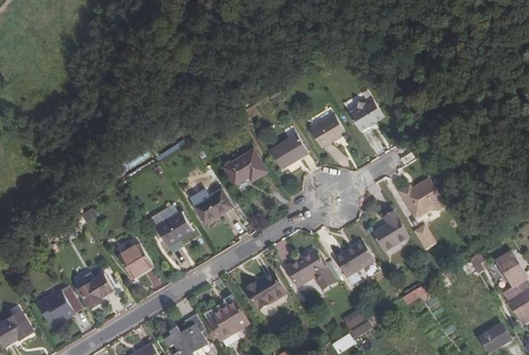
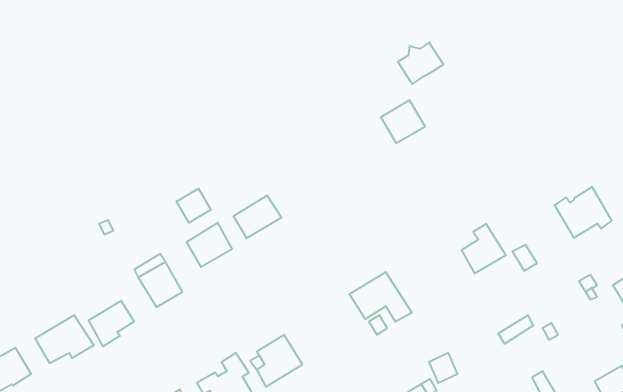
building: [347,98,383,131] -> [398,42,443,84]
building: [270,133,306,168] -> none
building: [222,150,266,185] -> none
building: [398,178,443,218] -> [554,187,612,238]
building: none -> [176,188,211,223]
building: [336,241,373,278] -> none
building: [245,272,285,310] -> none

